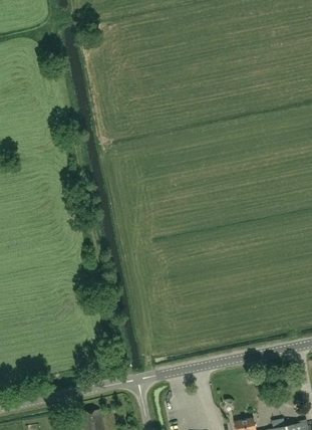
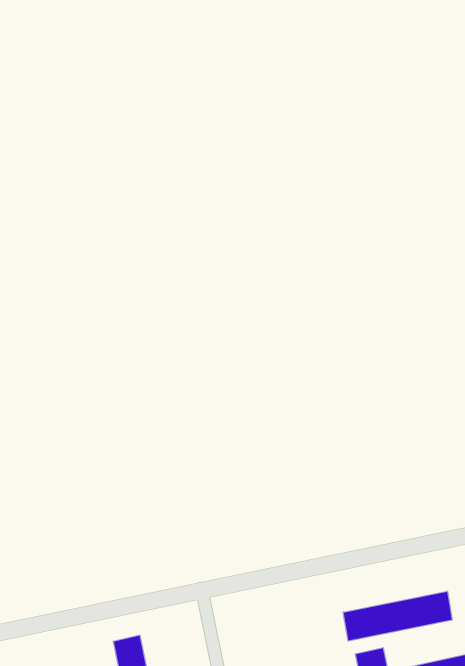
building: none -> [343,591,452,641]

